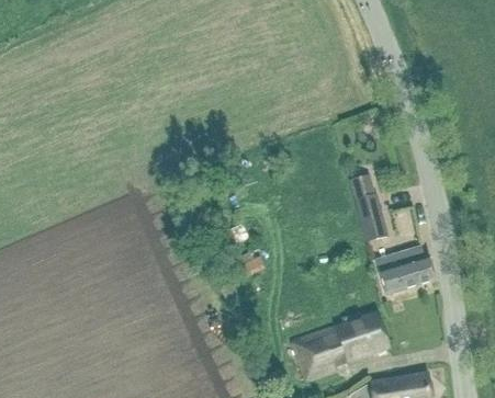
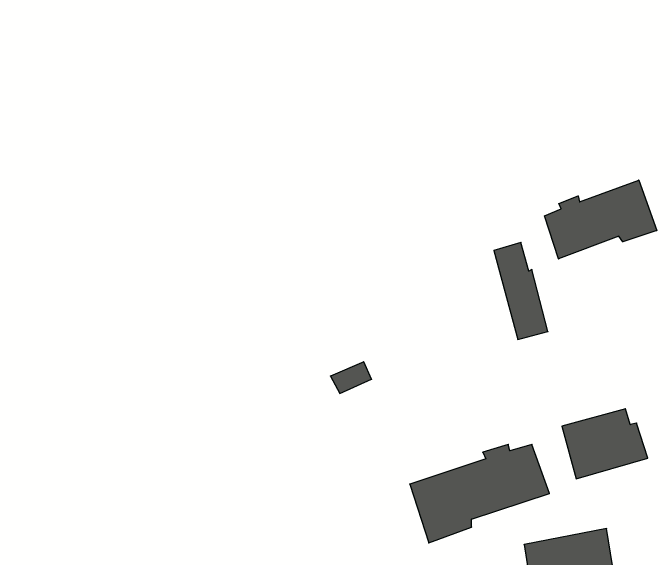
building: none -> [544,180,657,259]
building: [376,246,436,294] -> [562,409,648,479]

